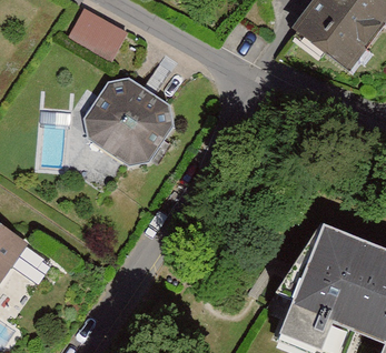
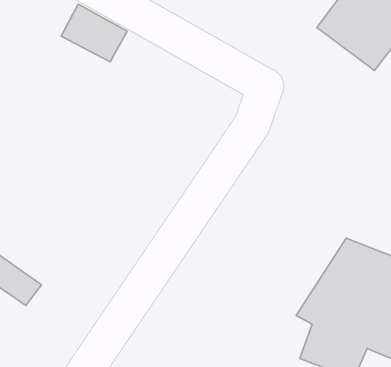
building: [83,79,174,162] -> none

